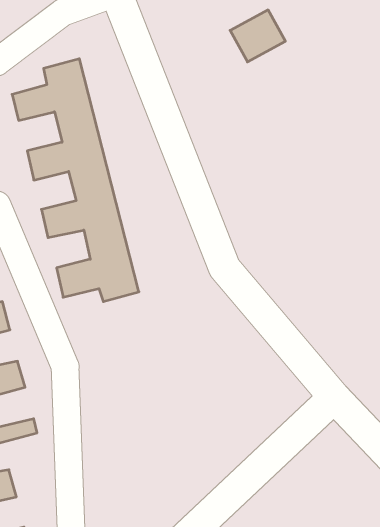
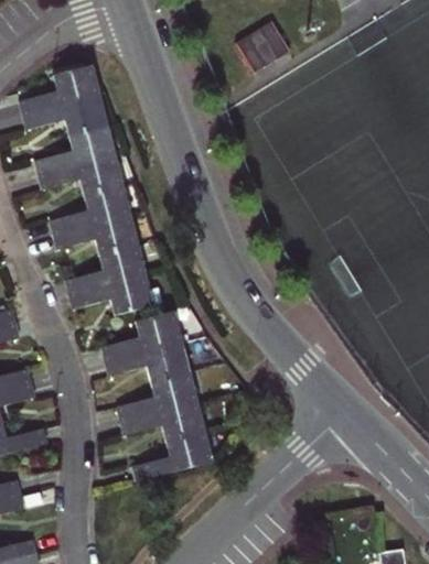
building: none -> [101,312,212,480]

